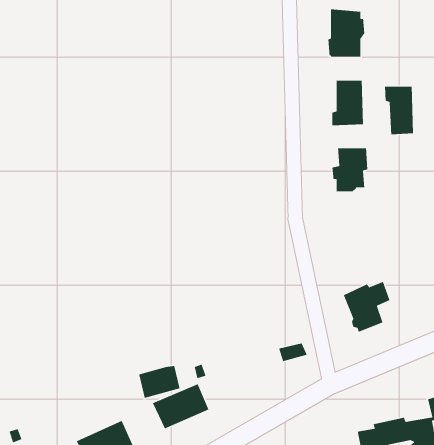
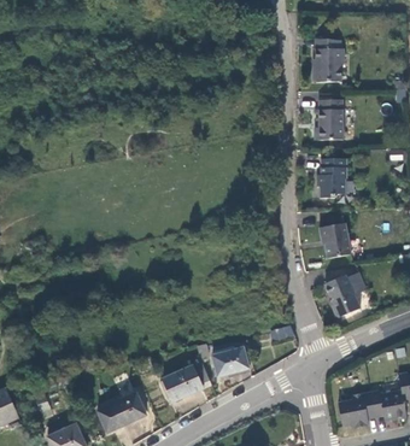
building: [384,86,414,135] -> none
building: none -> [320,224,351,260]
building: [138,365,181,399] -> [212,347,248,376]

